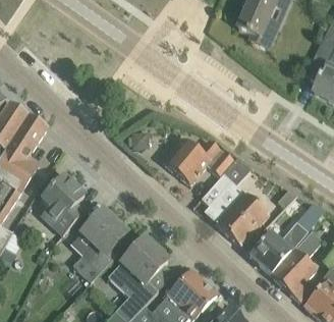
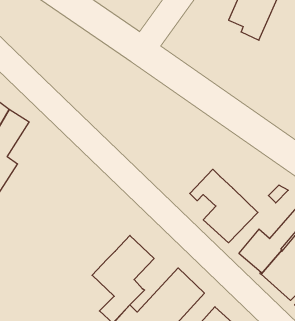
building: [163,136,234,183] -> none
building: [41,172,85,233] -> none
building: [72,209,125,280] -> none

